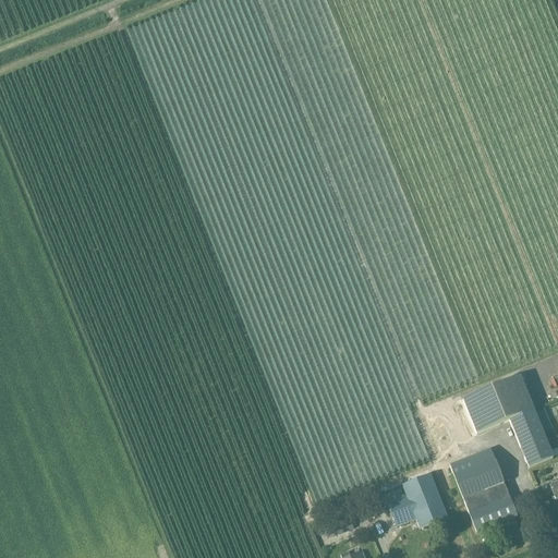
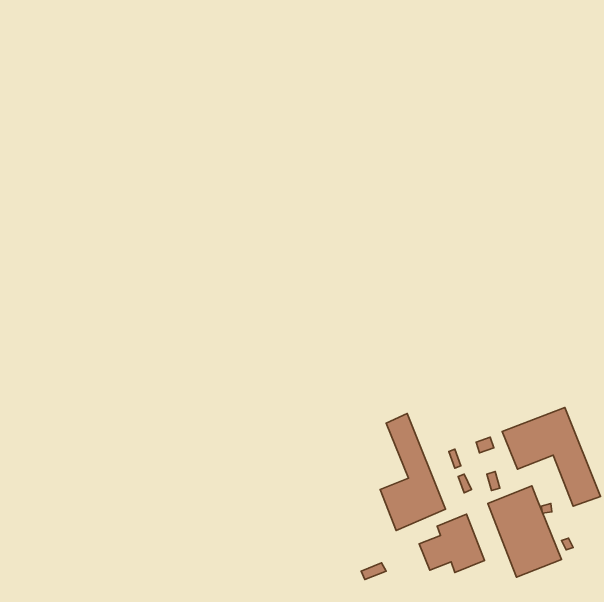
building: none -> [380,413,445,530]

